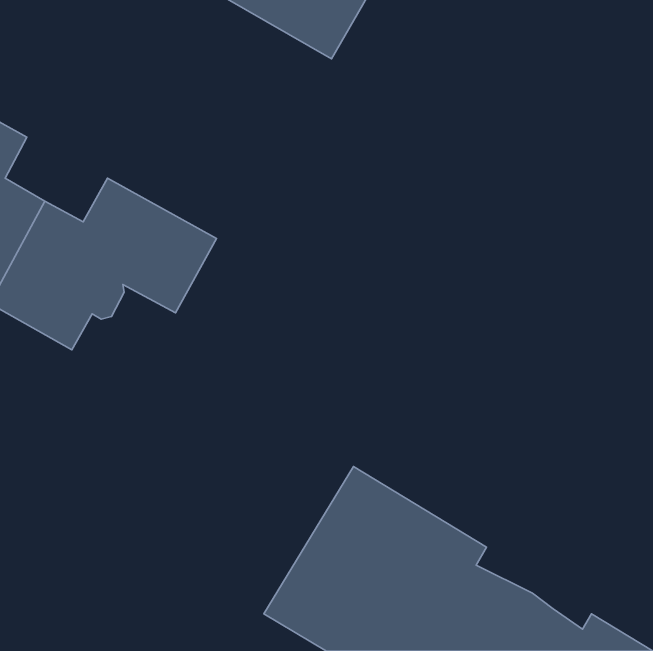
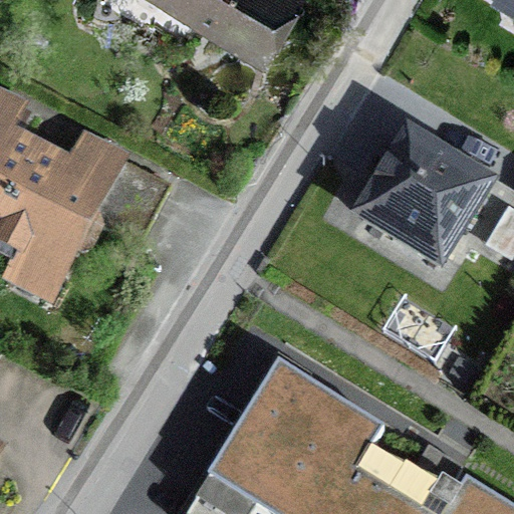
building: none -> [361,142,484,265]

